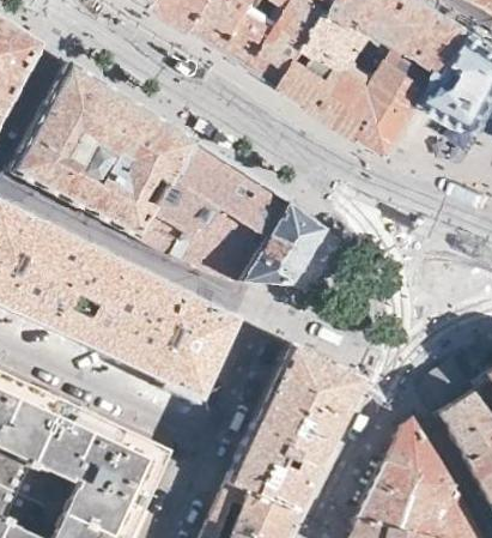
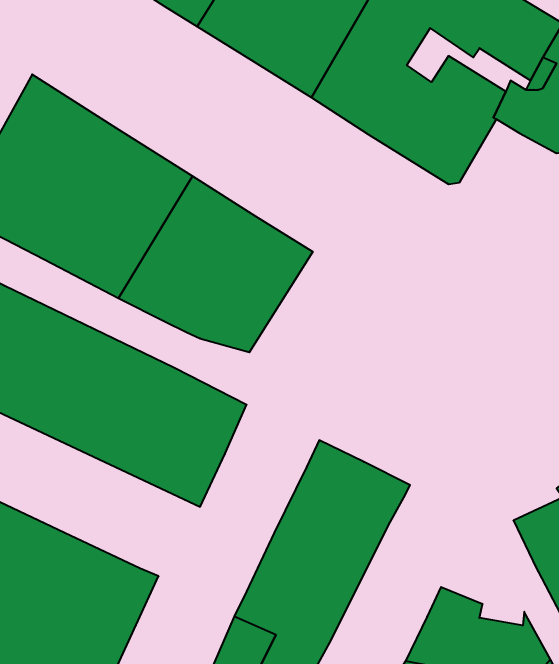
building: [237,202,322,285] -> none
building: [385,418,450,492] -> none

